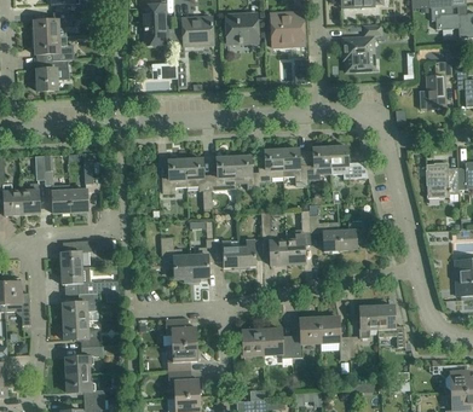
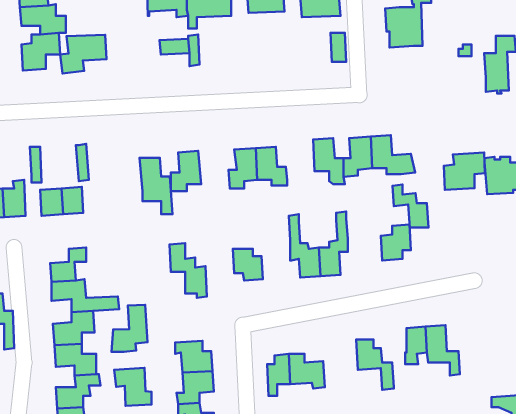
building: none -> [60,35,106,74]
building: [258,149,283,182] -> none
building: [185,158,213,205] -> [140,158,173,214]
building: none -> [444,152,485,190]
building: [310,214,340,250] -> [392,184,428,228]
building: [191,238,215,280] -> none
building: [238,238,264,266] -> none
building: none -> [112,305,148,352]
building: [290,317,319,356] -> none
building: none -> [114,368,151,406]

